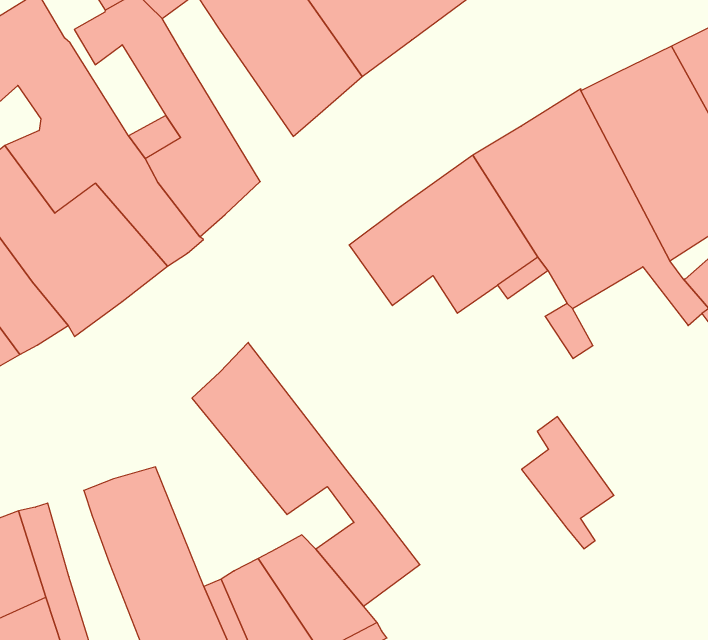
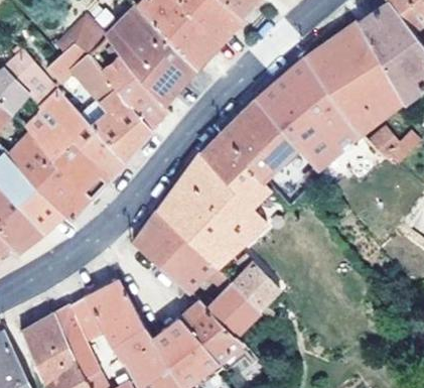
building: none -> [103,55,168,128]
building: none -> [157,153,270,266]
building: [522,417,614,549] -> [233,253,281,317]
building: none -> [68,296,104,341]

